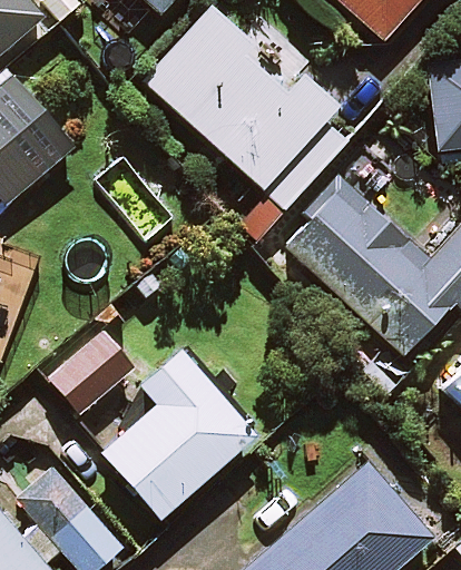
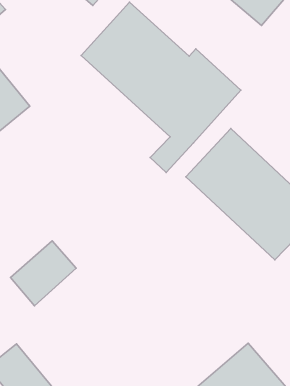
building: [102,351,255,518] -> none

